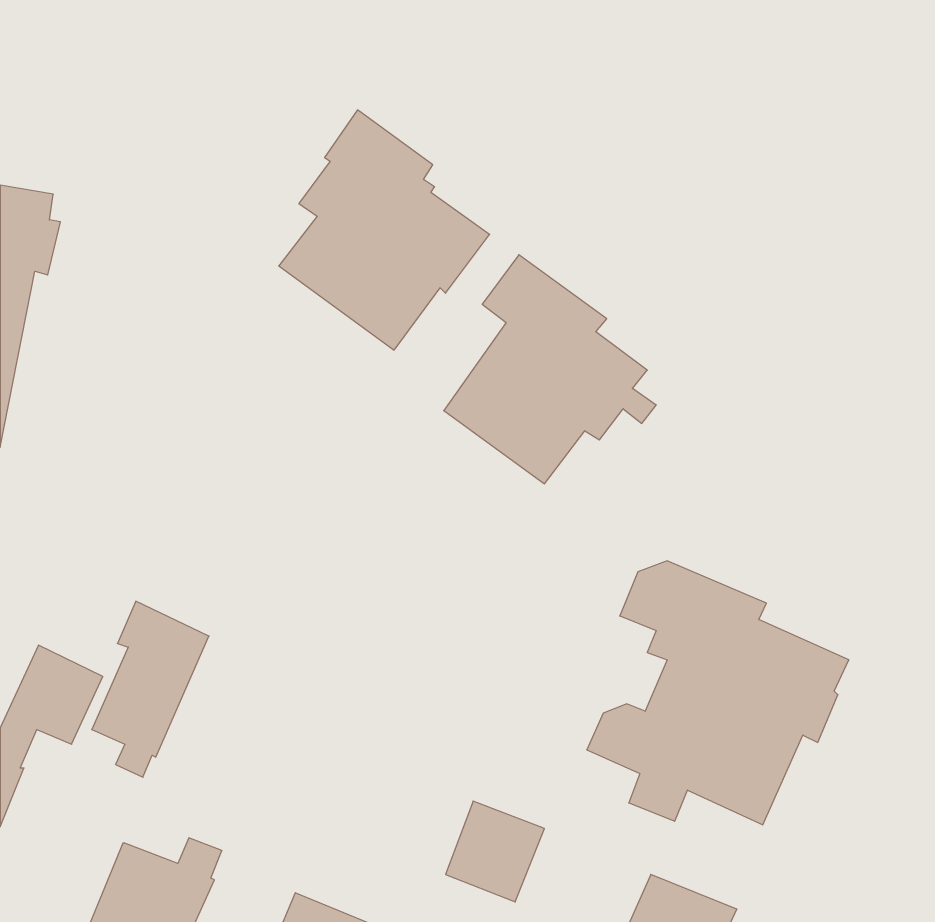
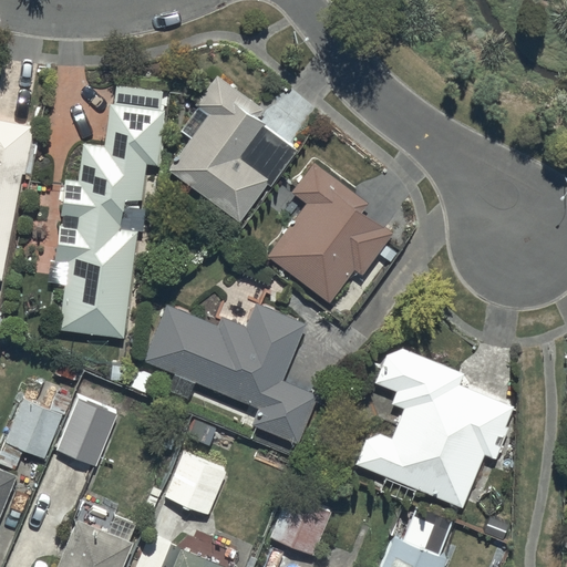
building: none -> [55,86,163,338]
building: none -> [143,303,317,443]
building: none -> [166,454,227,514]

